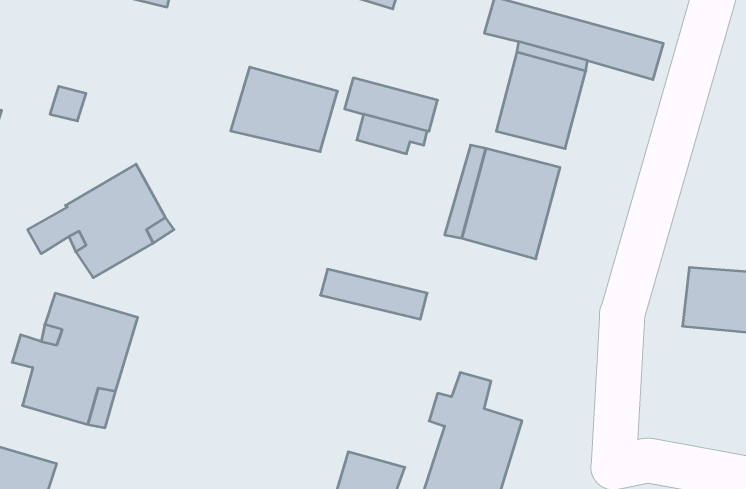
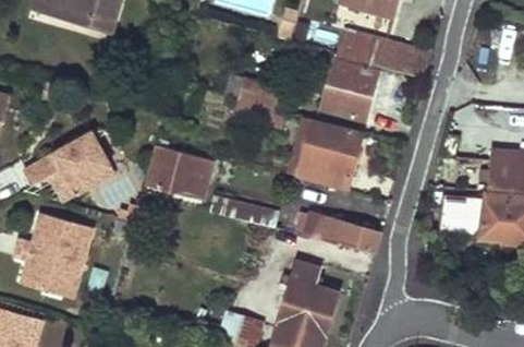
building: [231,67,338,152] -> [145,145,212,199]
building: none -> [304,212,380,252]

